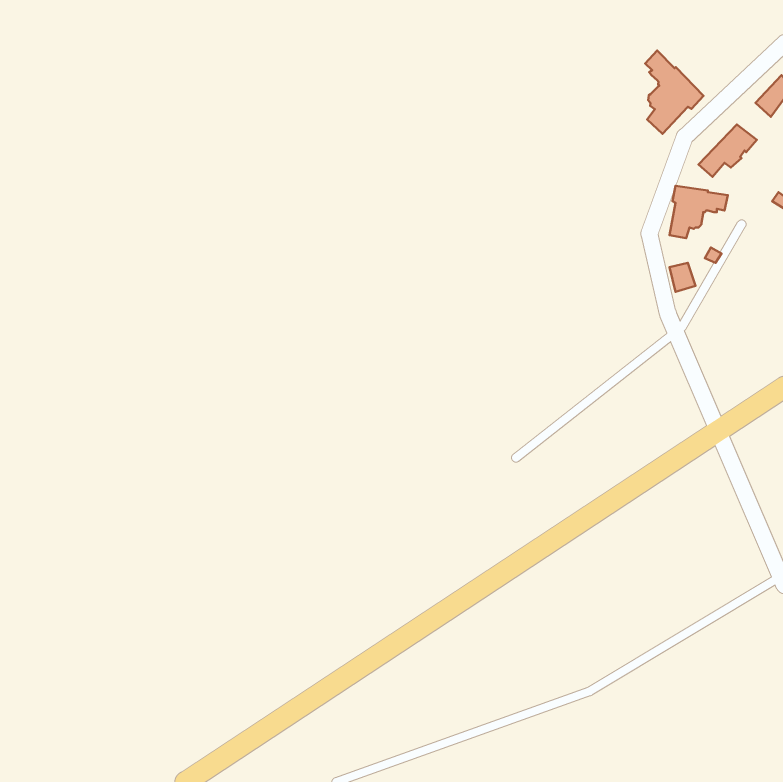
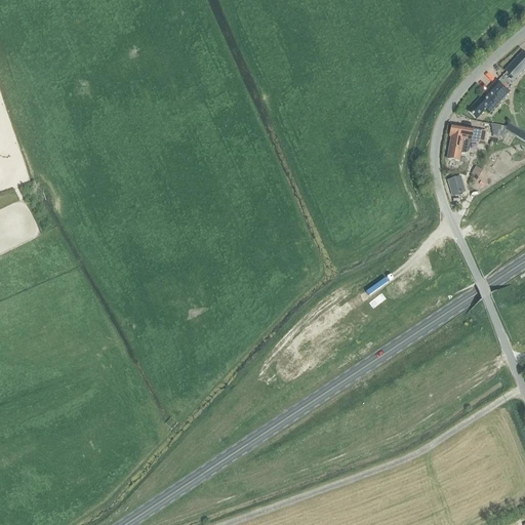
building: [645,51,704,134] -> none

